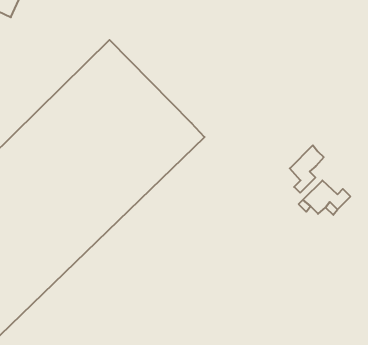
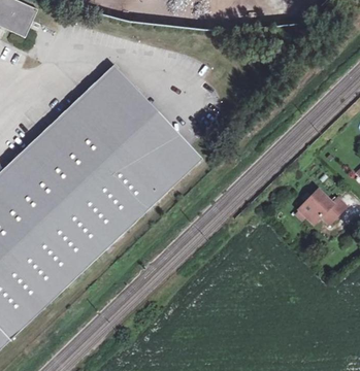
building: [290,145,324,193] -> none

